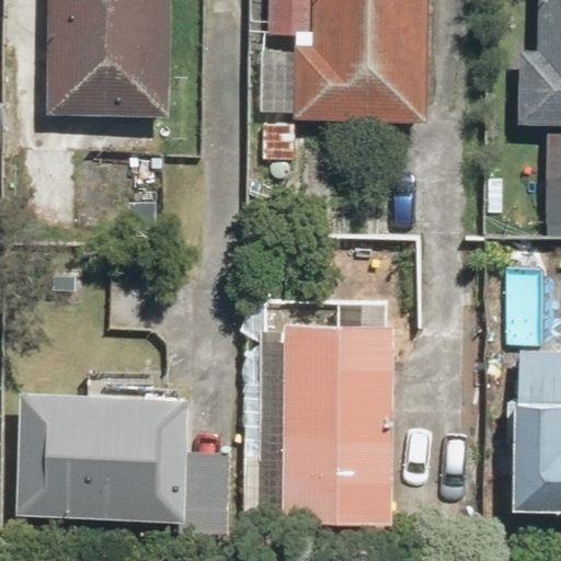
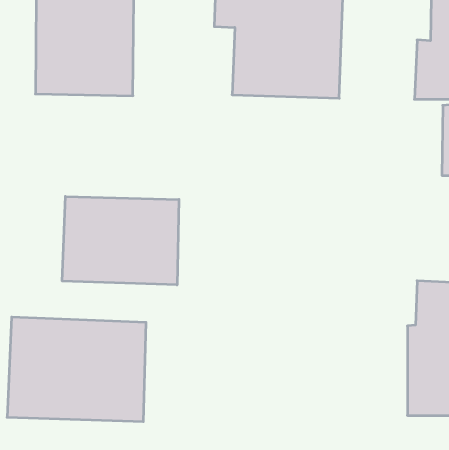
building: none -> [62,196,179,285]
building: [282,325,389,524] -> none

